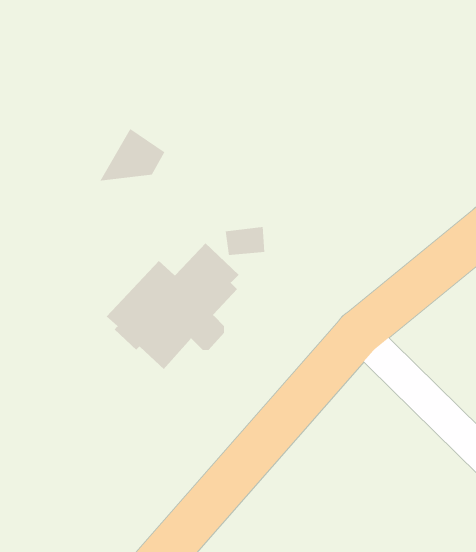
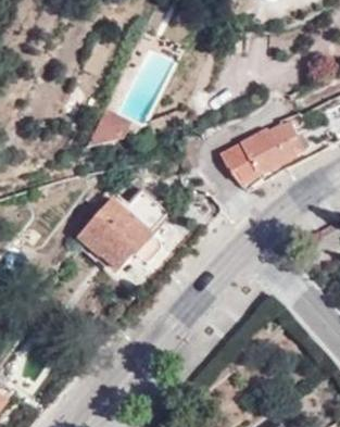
building: none -> [222,117,307,180]

